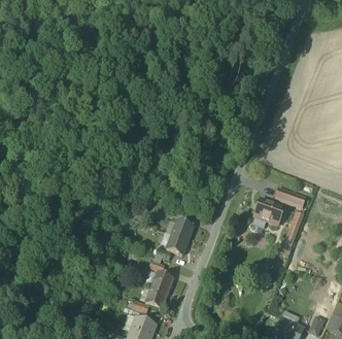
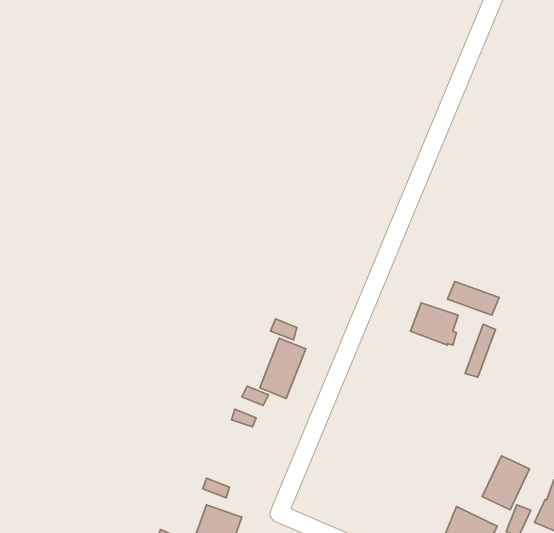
building: [145,273,172,310] -> none
building: none -> [482,456,530,510]

